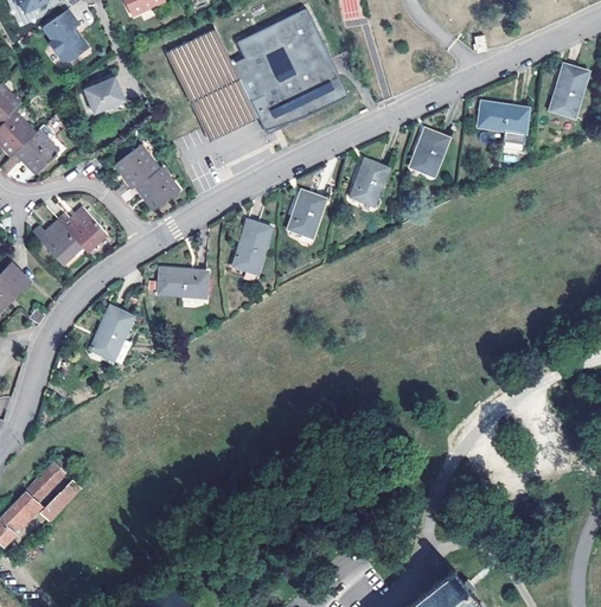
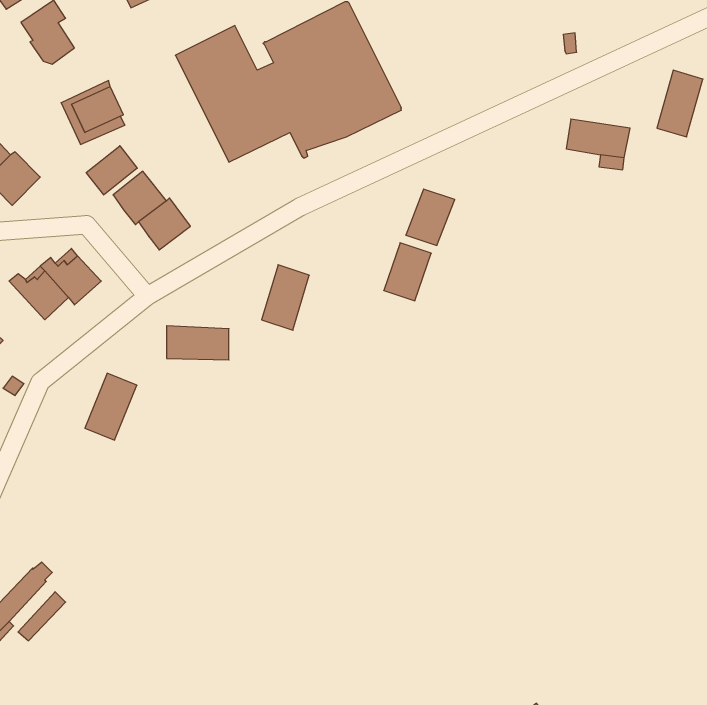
building: none -> [86,146,137,195]
building: [411,129,449,175] -> none
building: [288,190,326,236] -> [384,243,431,301]

